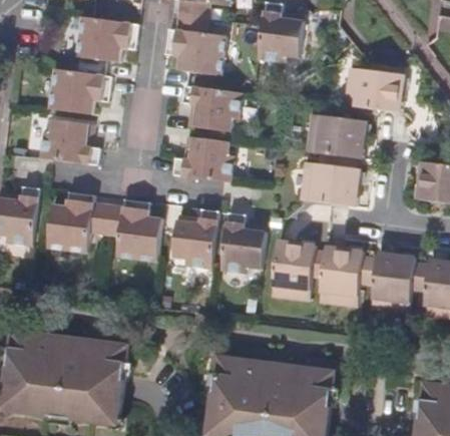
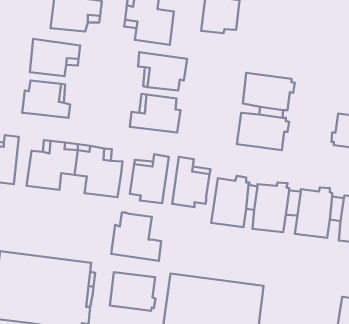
building: [344,66,407,111] -> none
building: none -> [111,212,161,261]
building: none -> [110,272,156,311]

